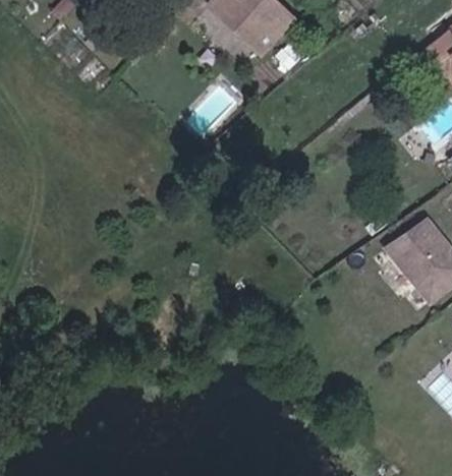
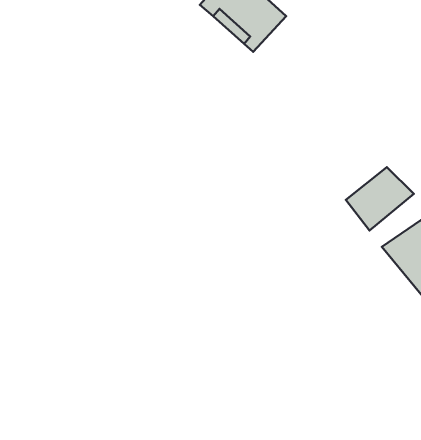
building: none -> [346,167,414,231]

